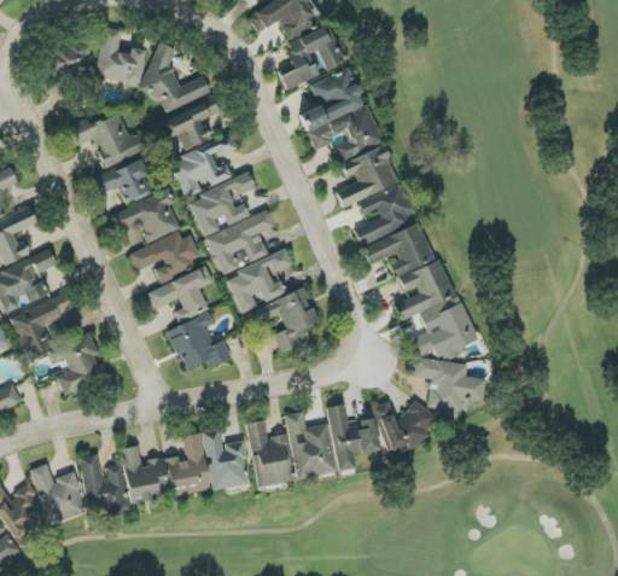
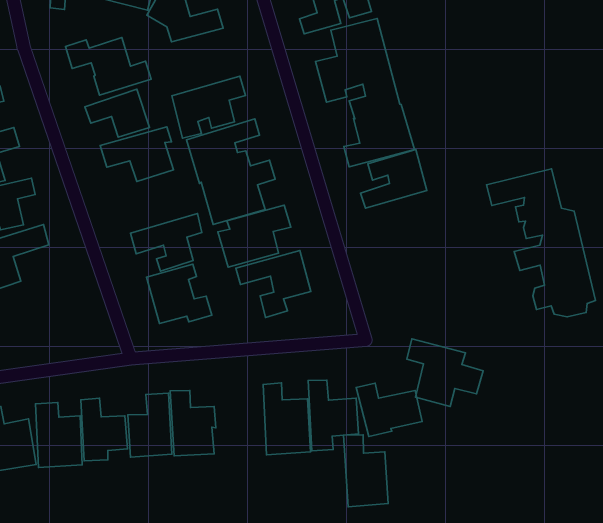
building: [159,100,217,150] -> none
building: [361,225,473,359] -> [486,169,595,317]
building: [129,232,202,280] -> none
building: [48,333,104,394] -> none
building: [245,420,293,488] -> [343,435,388,507]

